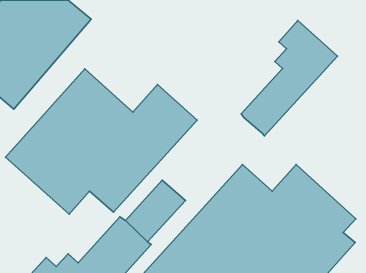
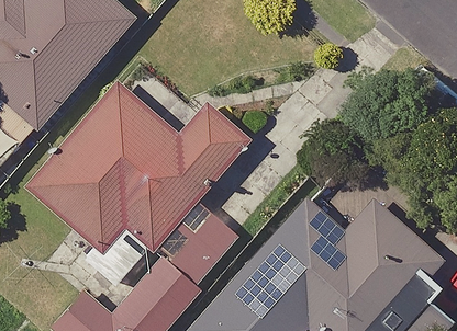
building: [241,21,337,136] -> none

